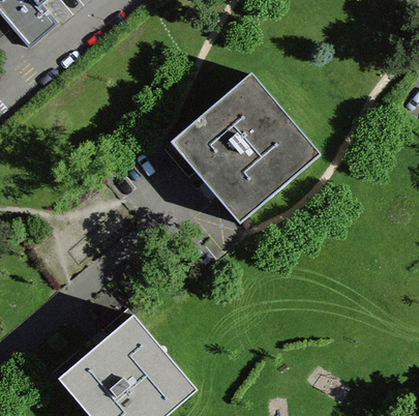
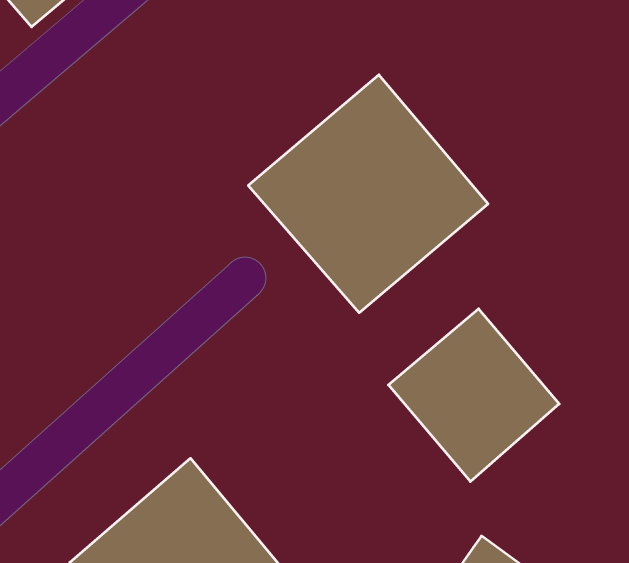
building: none -> [388,309,559,482]

